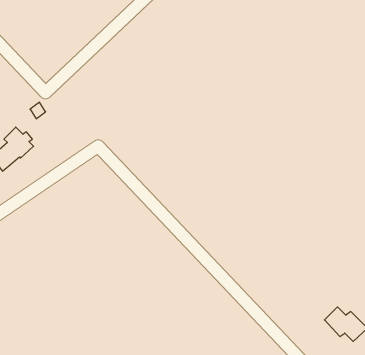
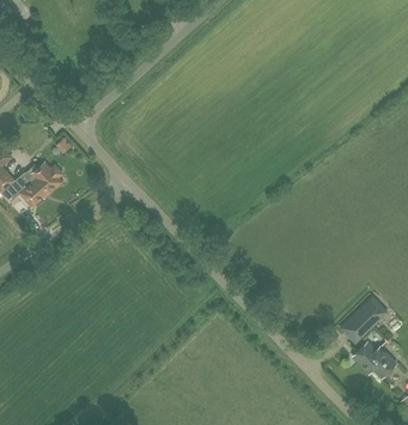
building: none -> [340,296,388,344]

